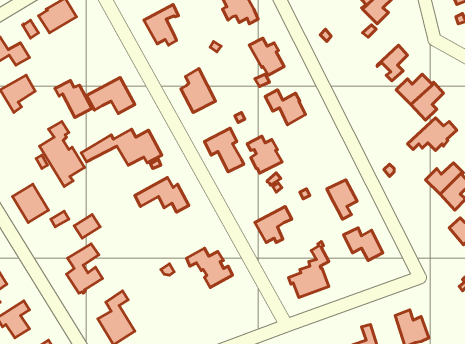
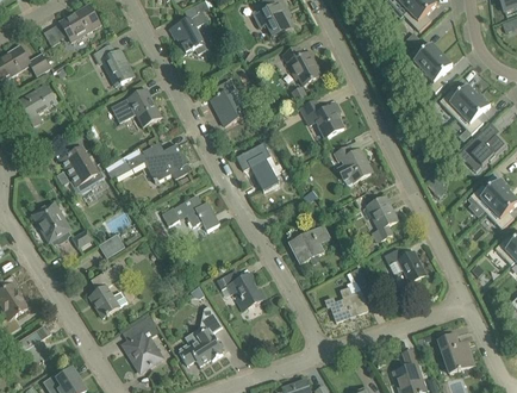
building: none -> [404,43,442,75]
building: [55,81,92,118] -> [94,45,133,85]
building: [247,136,282,173] -> [334,145,370,185]
building: none -> [179,305,223,366]

